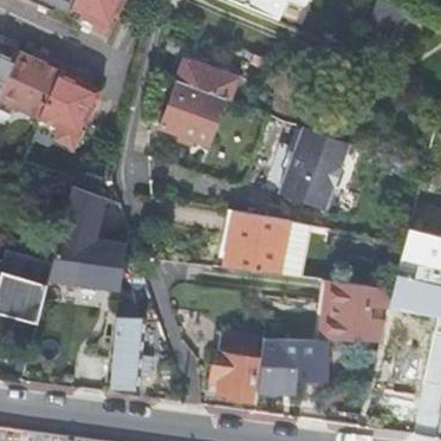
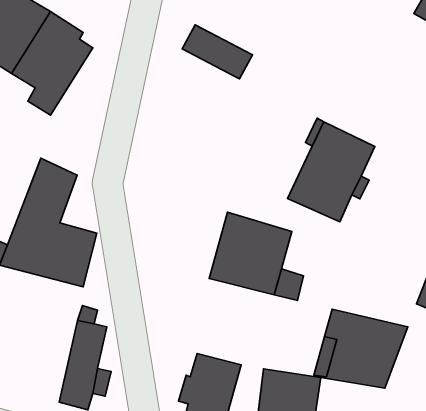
building: [161,80,225,145] -> none

